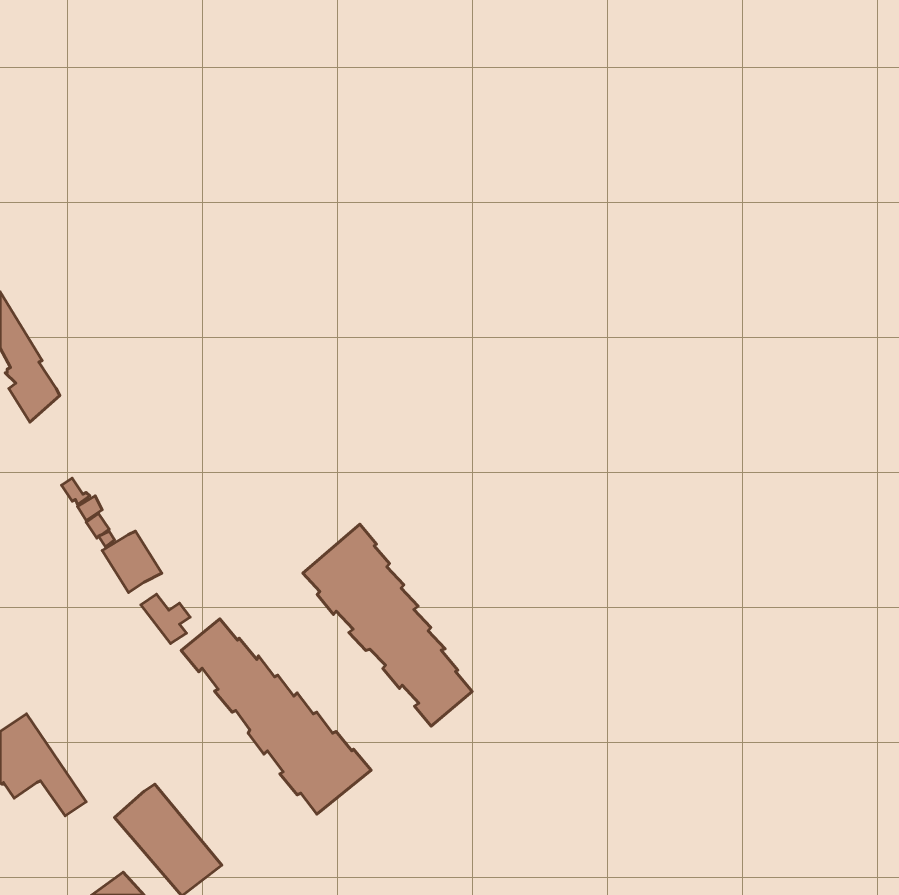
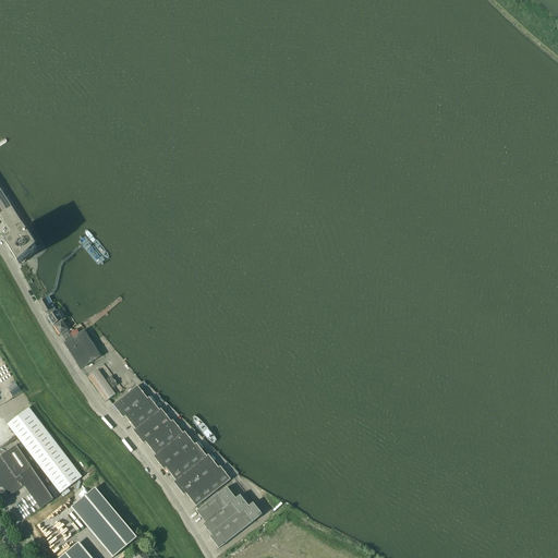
building: [303,524,472,726] -> none
building: none -> [7,405,82,492]
building: none -> [196,485,262,546]

